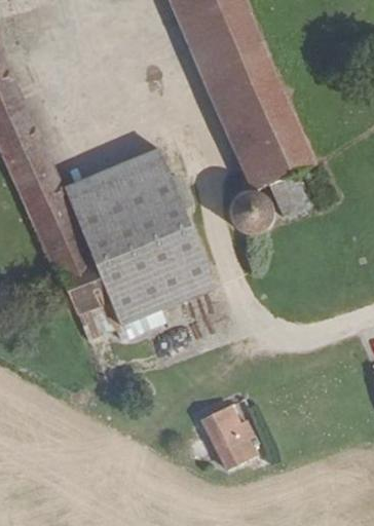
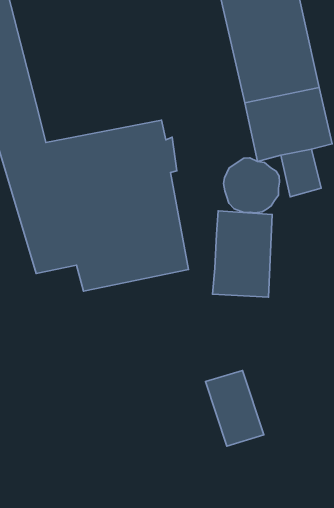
building: [58,145,164,200] -> none
building: none -> [213,211,272,297]
building: [202,405,260,473] -> [205,370,264,446]

